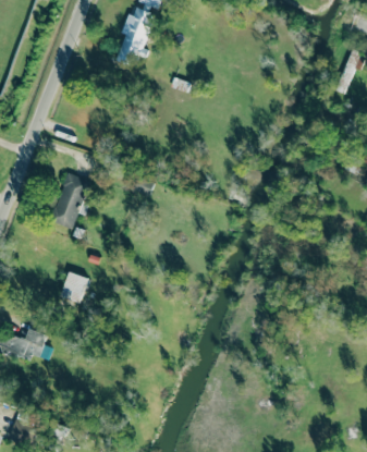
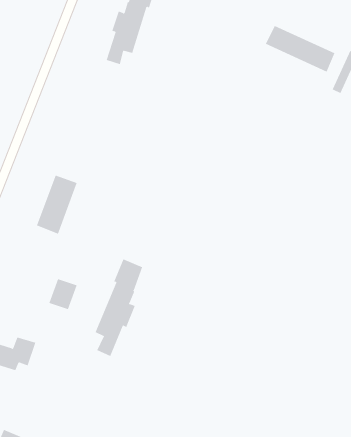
building: none -> [265,25,335,72]
building: none -> [95,259,143,357]

